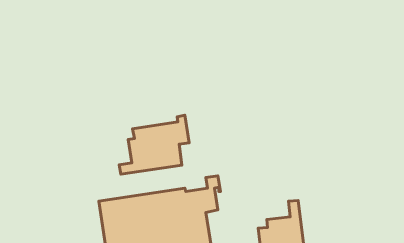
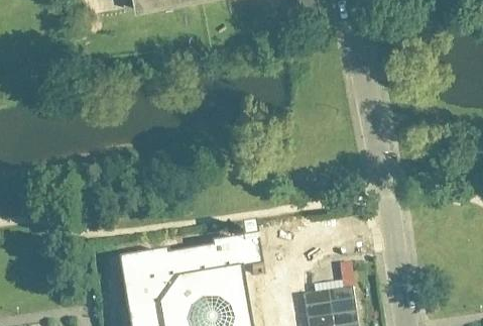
building: [119,115,189,174] -> none

